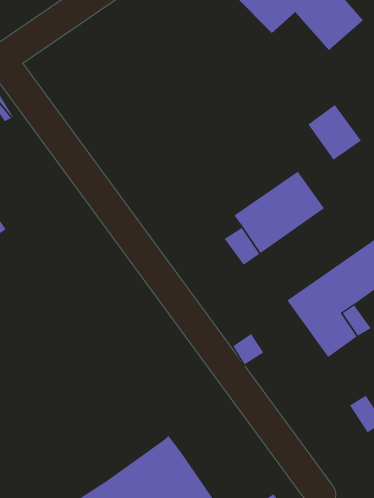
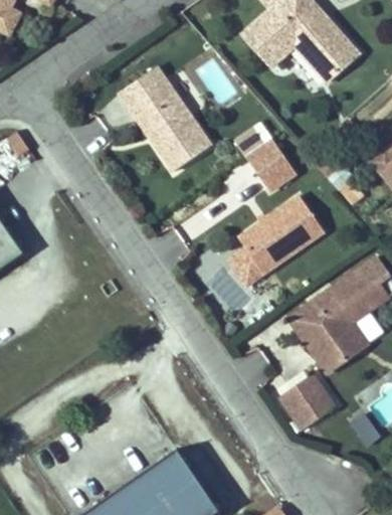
building: none -> [119,69,212,175]
building: [308,104,362,161] -> [247,139,299,192]
building: none -> [277,372,334,428]

